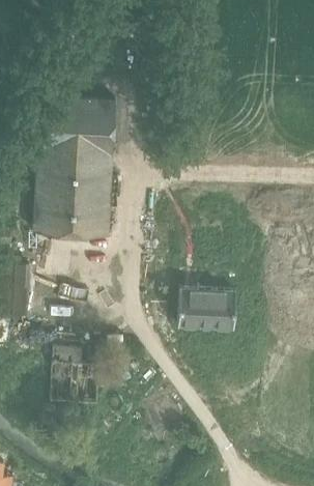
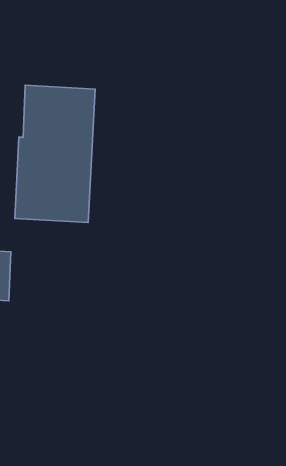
building: [177,287,234,332] -> none

